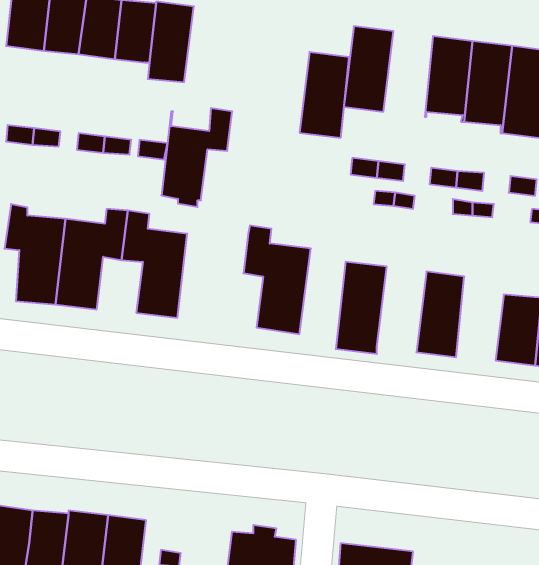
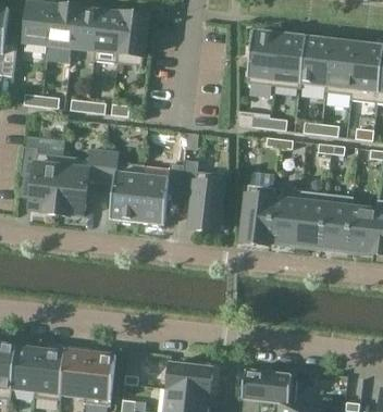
building: [300,52,349,138] -> [272,32,305,88]
building: [161,108,232,207] -> [136,163,183,228]
building: none -> [320,193,353,249]
building: none -> [268,196,299,244]

